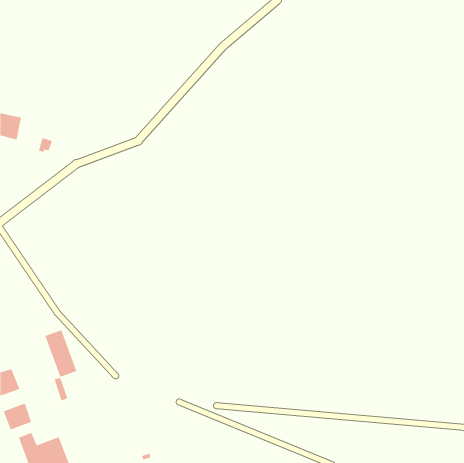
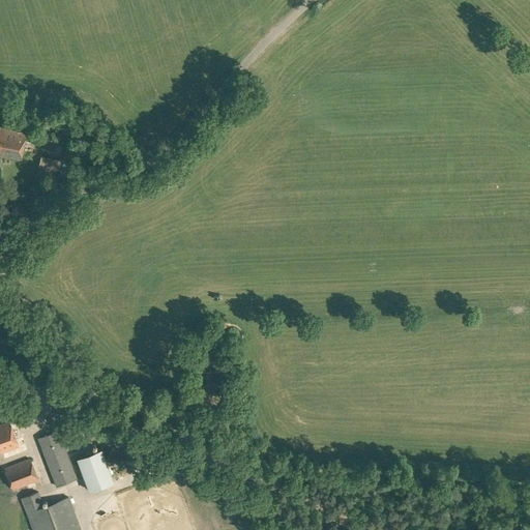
building: [45,329,77,378] -> [37,433,75,488]
building: none -> [76,451,112,492]

